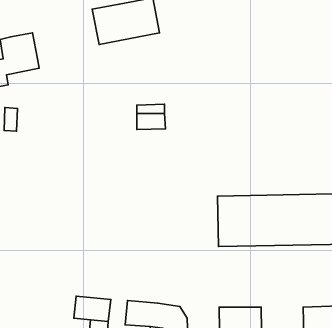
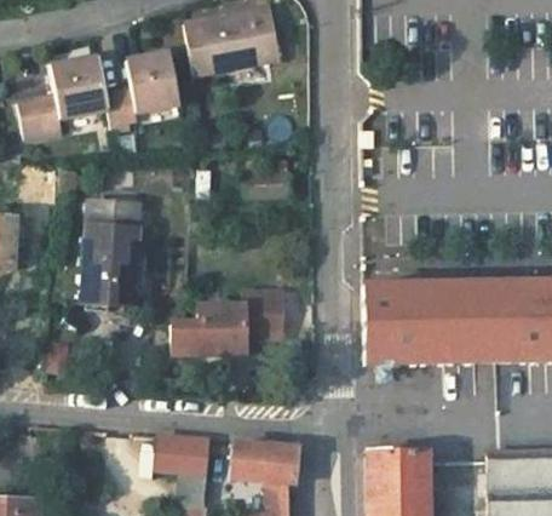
building: none -> [105,52,179,132]
building: none -> [82,201,139,305]
building: none -> [172,292,283,355]

